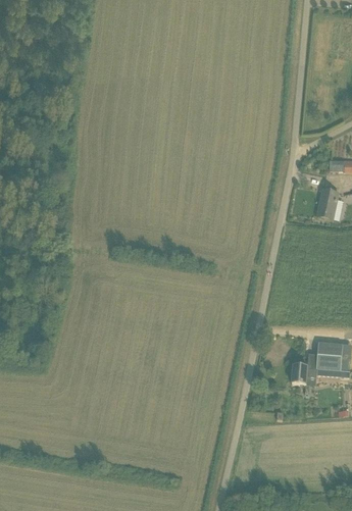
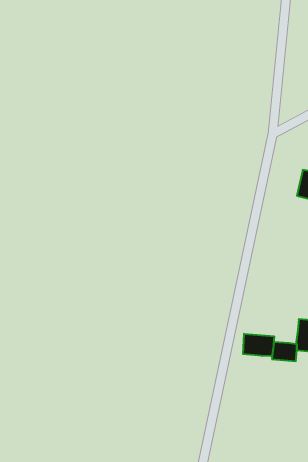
building: none -> [243,334,274,356]

